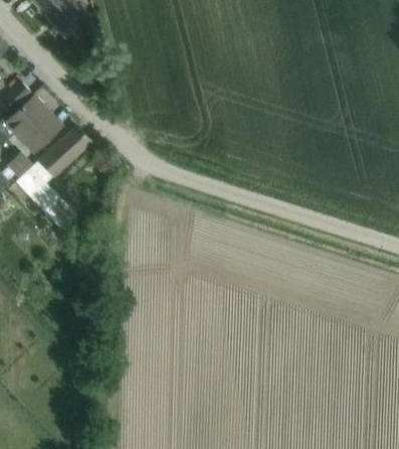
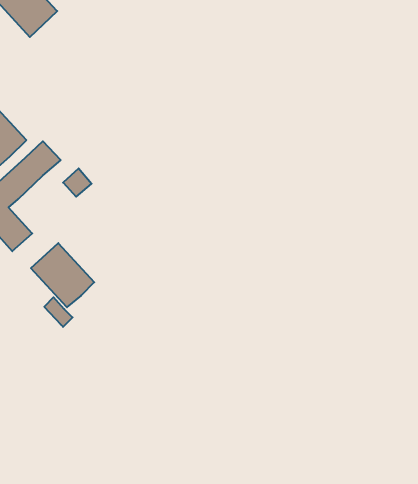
building: none -> [31,243,94,307]

